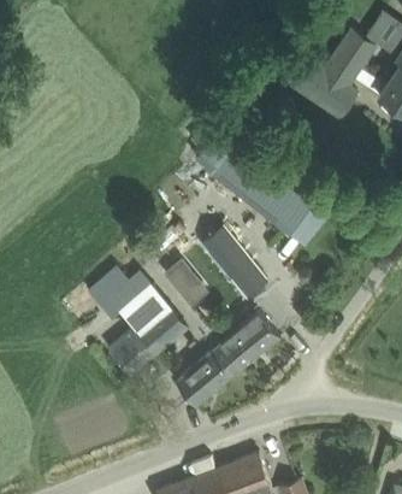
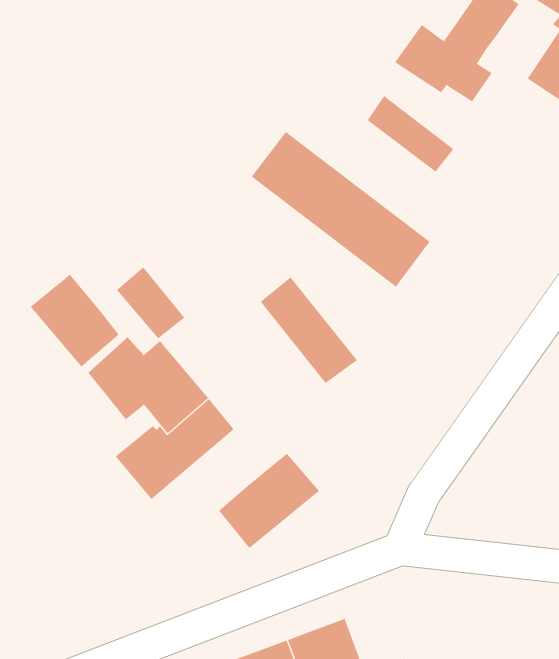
building: none -> [367,95,454,173]
building: none -> [30,274,120,367]
building: [161,259,207,307] -> [116,266,185,339]
building: [220,314,279,370] -> none

